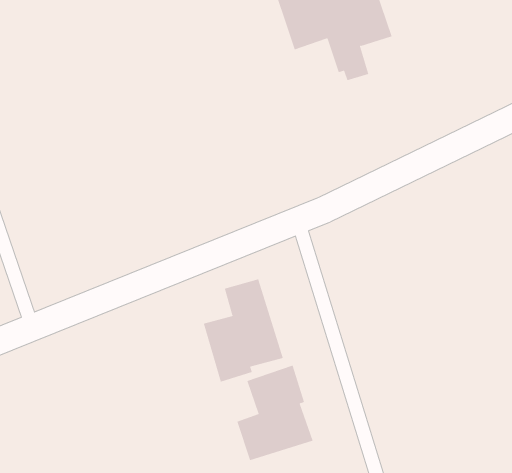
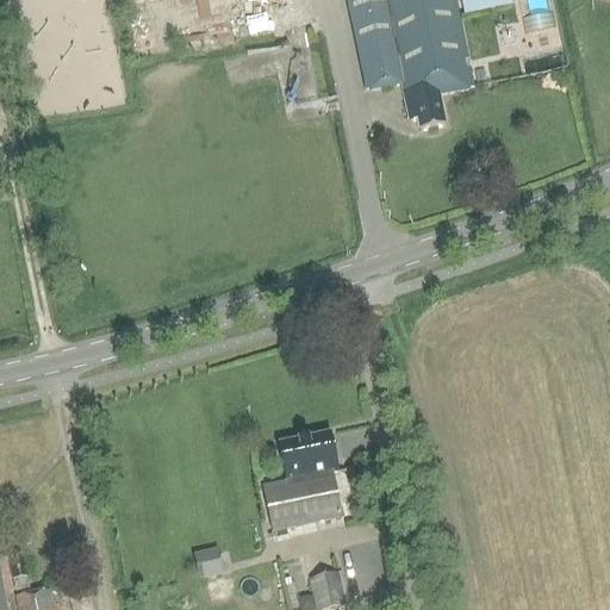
building: [203,278,283,383] -> none

